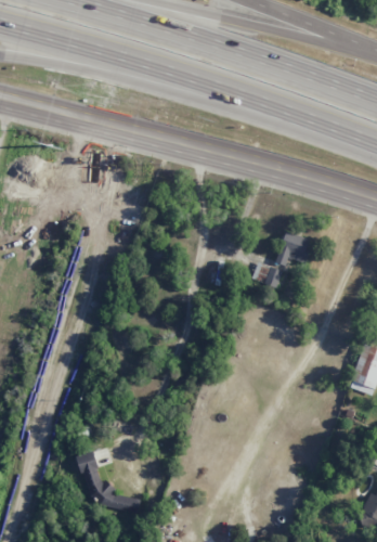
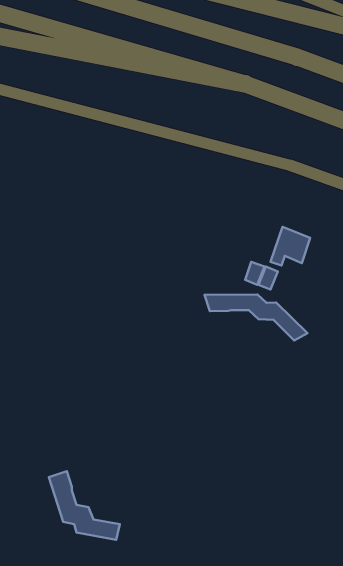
building: none -> [205,295,308,340]

